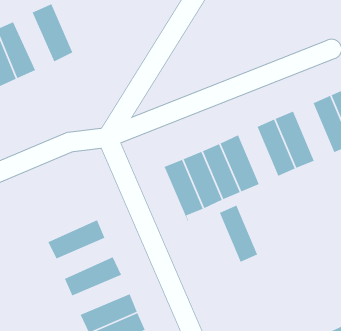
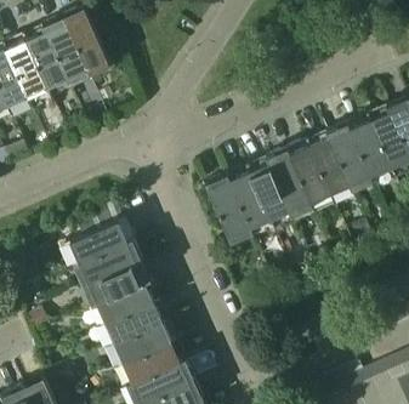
building: none -> [41,18,85,81]
building: none -> [345,116,388,180]
building: none -> [63,221,132,267]
building: [219,205,258,263] -> [285,142,328,205]
building: none -> [87,263,149,307]
building: none -> [104,303,167,346]

